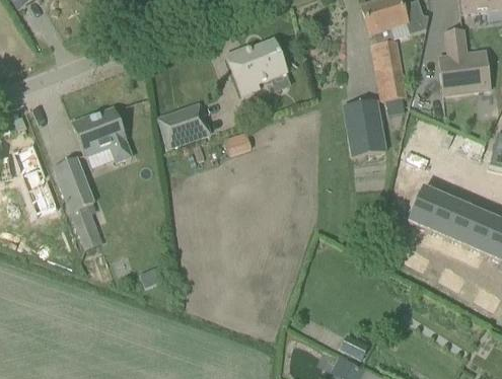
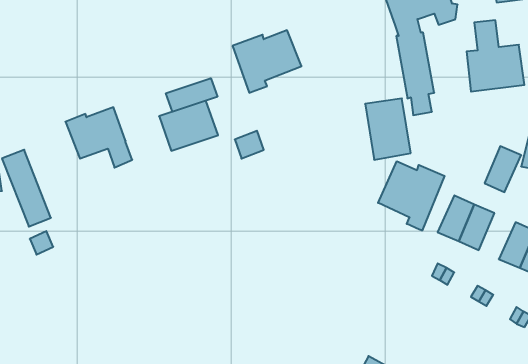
building: none -> [166,78,217,112]
building: [53,157,102,249] -> none
building: none -> [378,161,445,231]
building: [447,205,481,246] -> [485,146,521,192]

